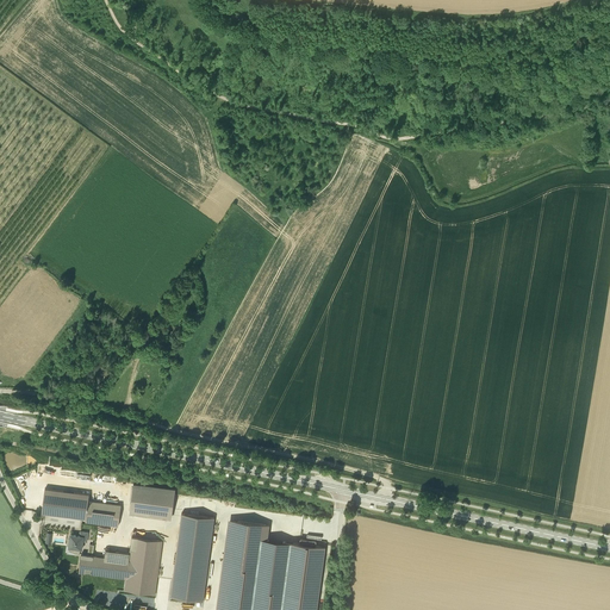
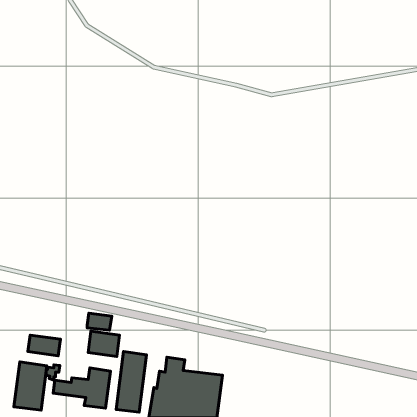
building: [85,502,120,527] -> [87,313,112,330]
building: none -> [14,362,47,410]

